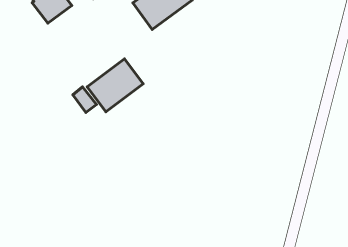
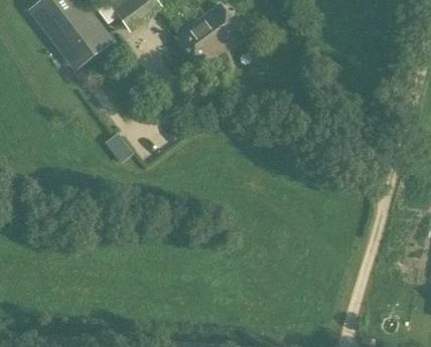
building: [87,59,143,112] -> none

